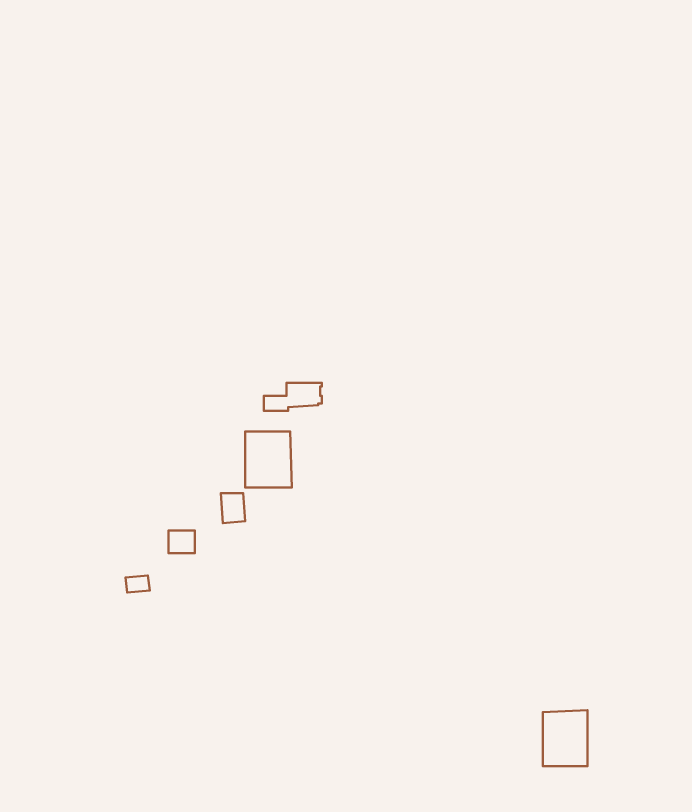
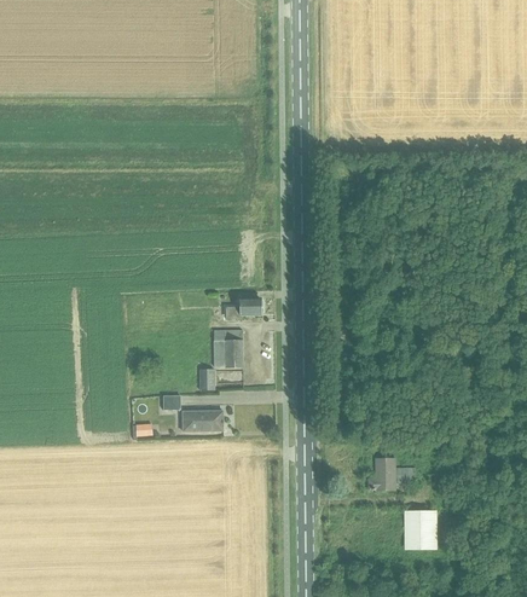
building: none -> [183,411,222,431]
building: none -> [367,457,413,488]

